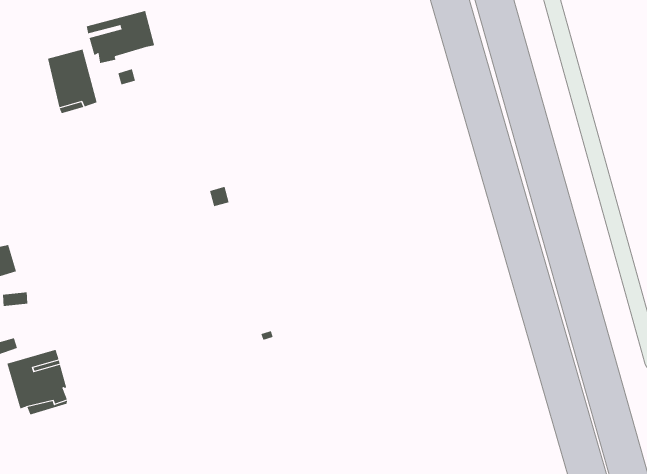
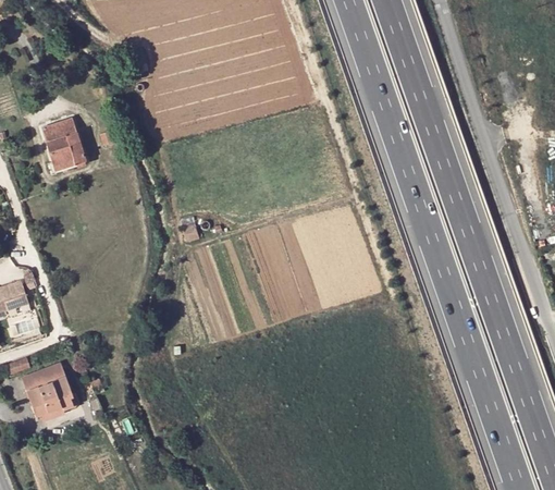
building: [86,10,155,64] -> none

